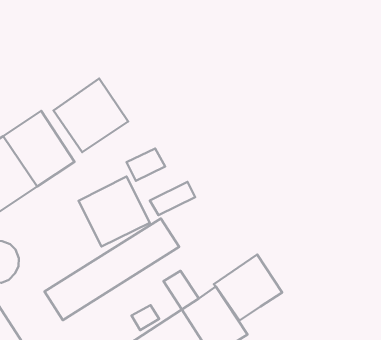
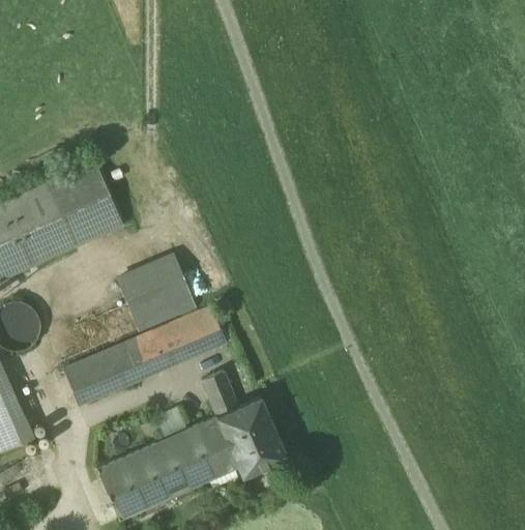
building: [54,78,128,152] -> none
building: [127,148,165,181] -> none
building: [150,182,195,215] -> none
building: [214,255,282,321] -> none

